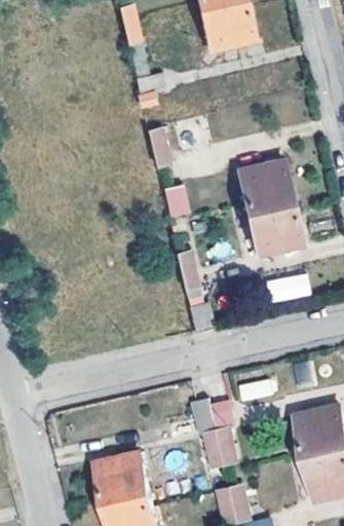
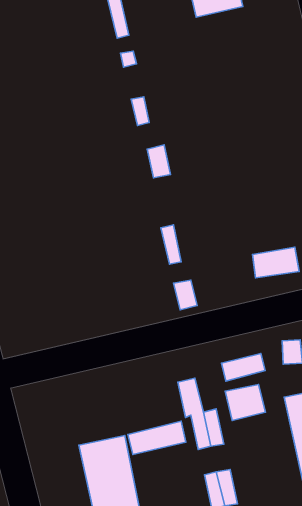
building: [238,159,302,255] -> none
building: none -> [225,384,265,421]
building: none -> [128,421,186,454]

